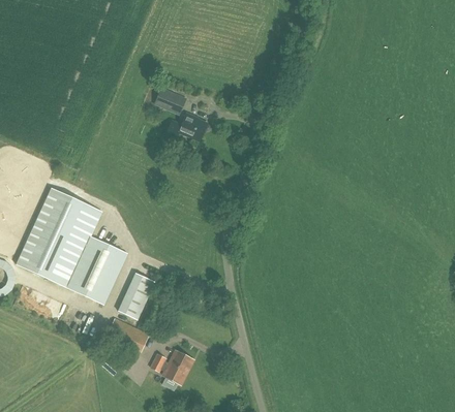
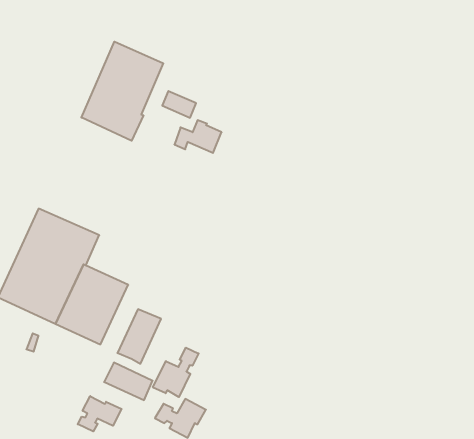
building: none -> [81,42,163,141]
building: none -> [153,348,199,397]
building: none -> [78,396,122,431]

